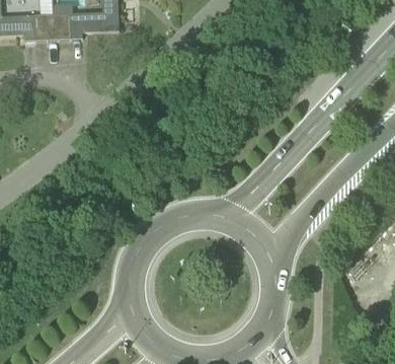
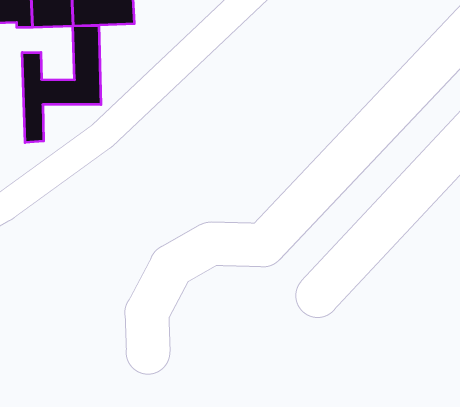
building: none -> [22,25,101,143]

